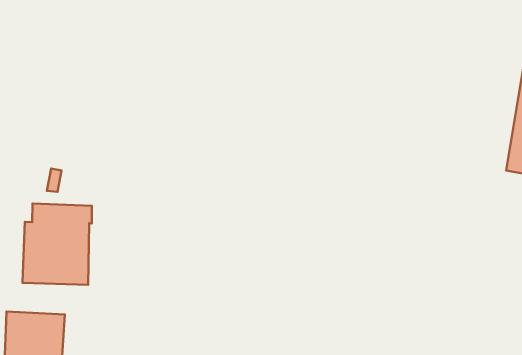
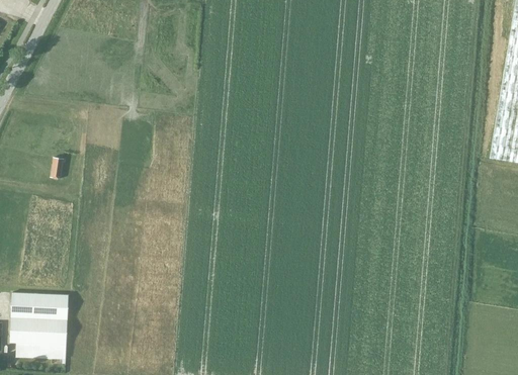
building: [22,203,92,285] -> none

